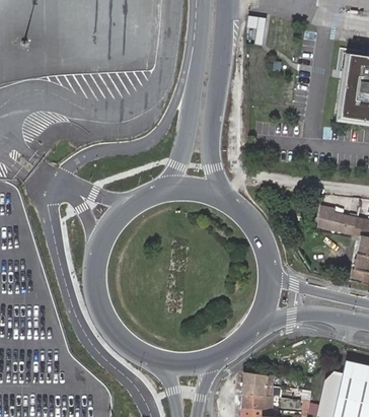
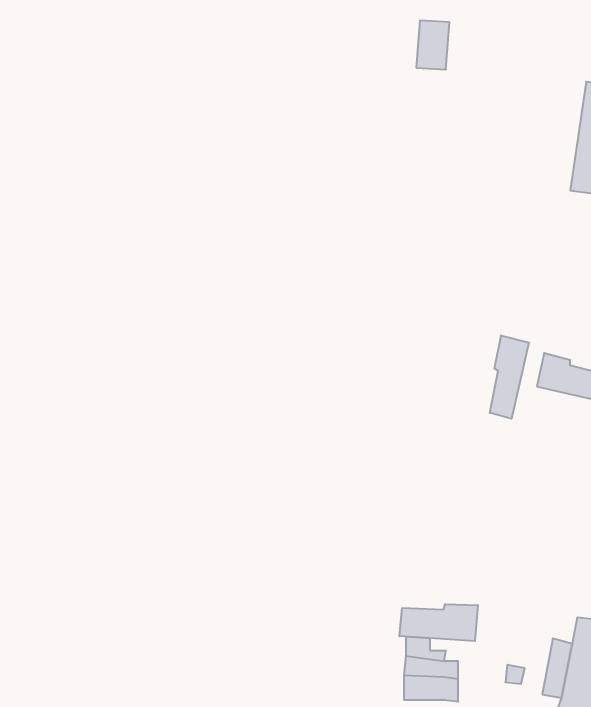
building: none -> [490,335,529,419]
building: none -> [399,604,478,641]

